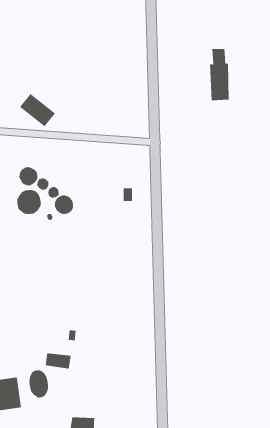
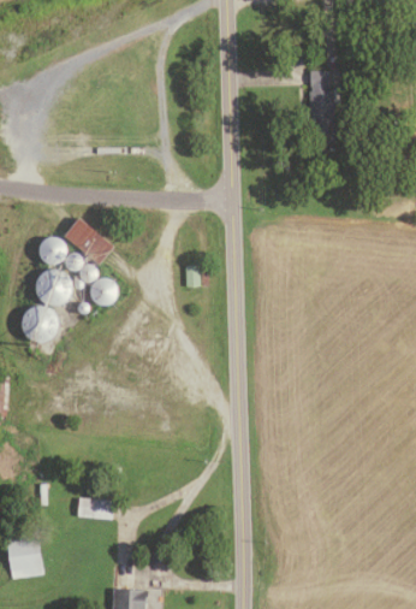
building: [19,93,56,127] -> [64,218,115,266]
building: none -> [22,304,59,342]
building: [29,369,49,399] -> none

